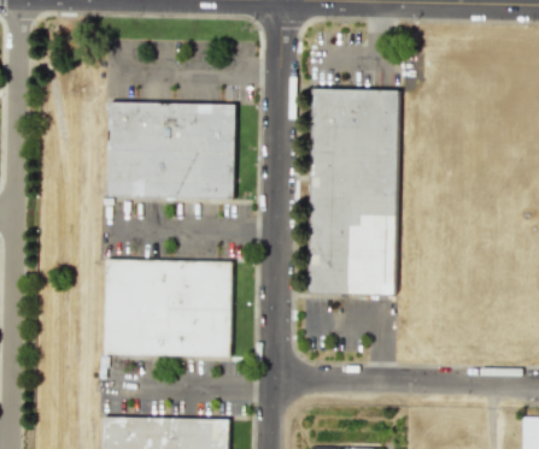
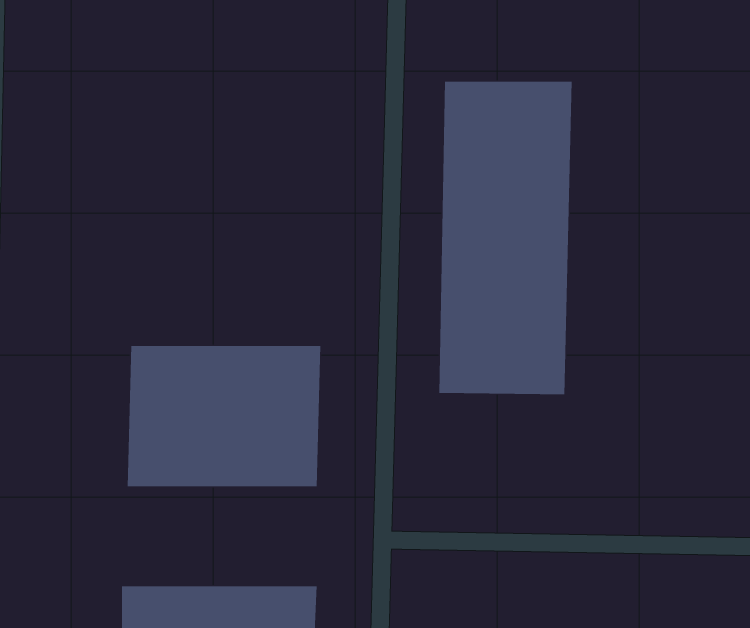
building: [105,104,234,197] -> none

